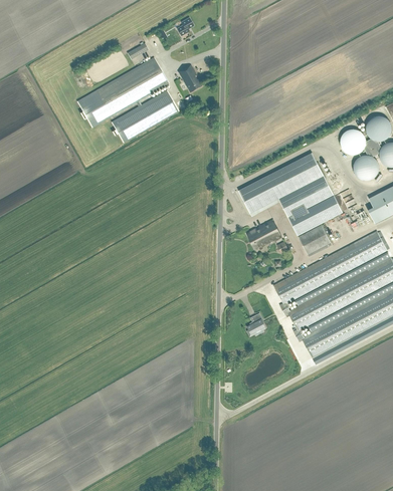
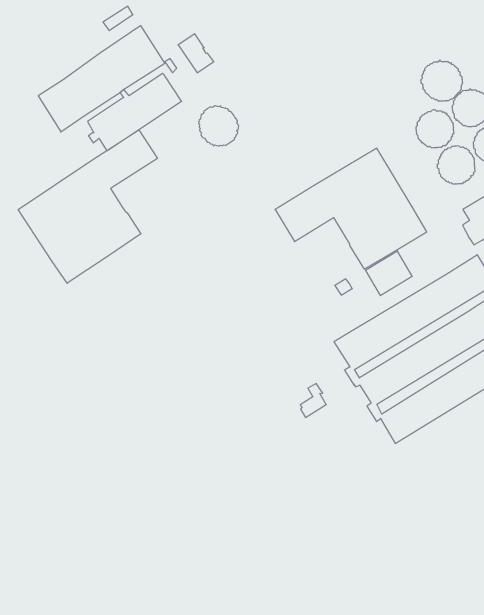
building: none -> [421,60,462,101]
building: none -> [199,106,239,146]
building: none -> [18,130,157,283]
building: [246,219,281,250] -> none

